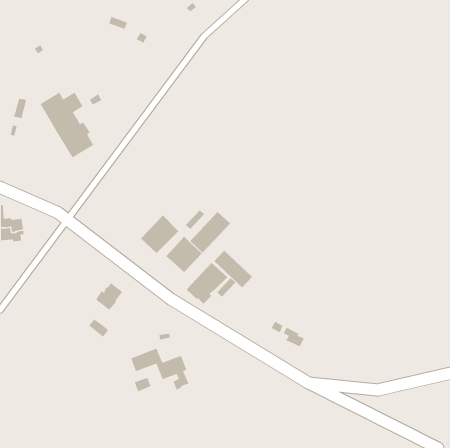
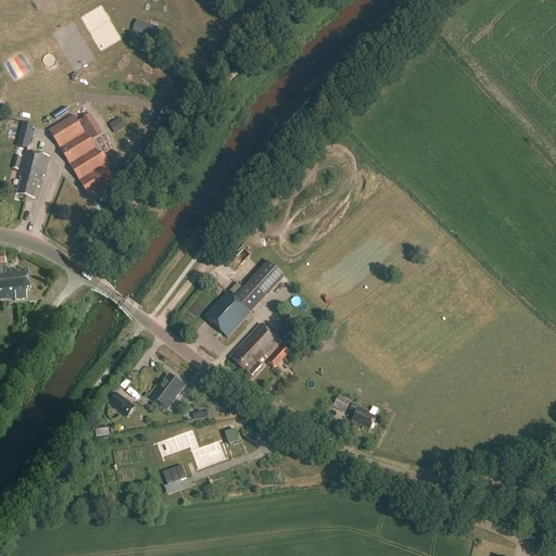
building: none -> [16,149,48,197]
building: [140,215,179,254] -> none
building: [214,250,253,288] -> none
building: [95,282,123,310] -> [150,374,185,408]

